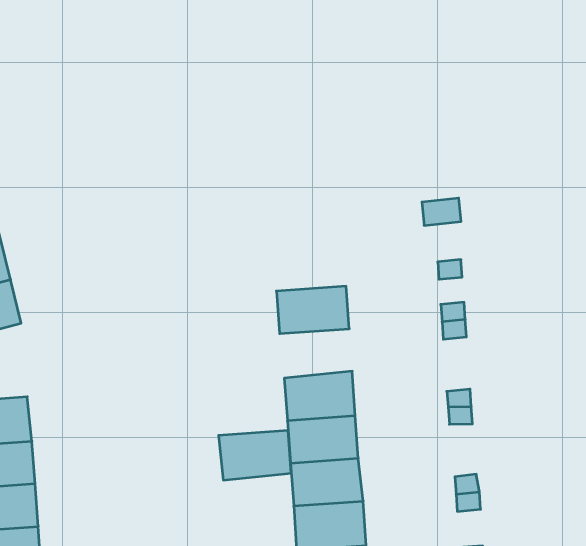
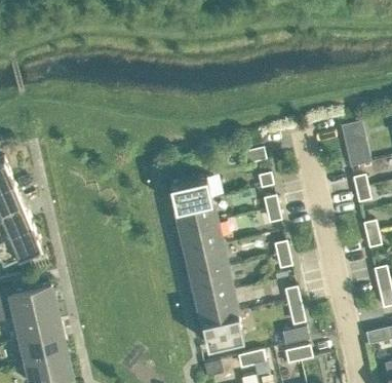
building: none -> [169,177,211,208]
building: [219,431,291,480] -> [180,223,222,255]

